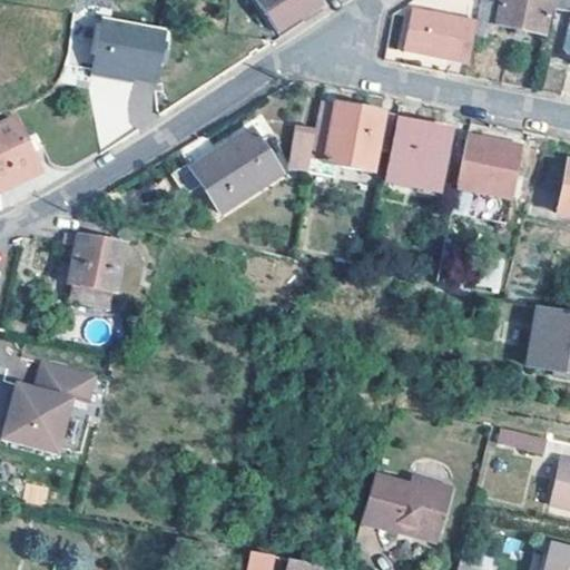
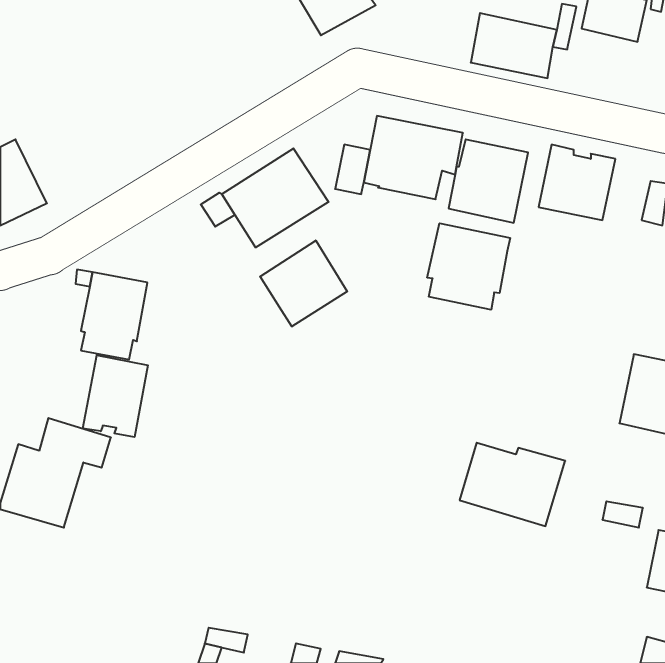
building: [92,27,158,87] -> none
building: none -> [427,223,510,310]
building: none -> [260,240,347,327]
building: none -> [83,355,148,437]
building: [363,471,453,542] -> [460,443,565,526]

